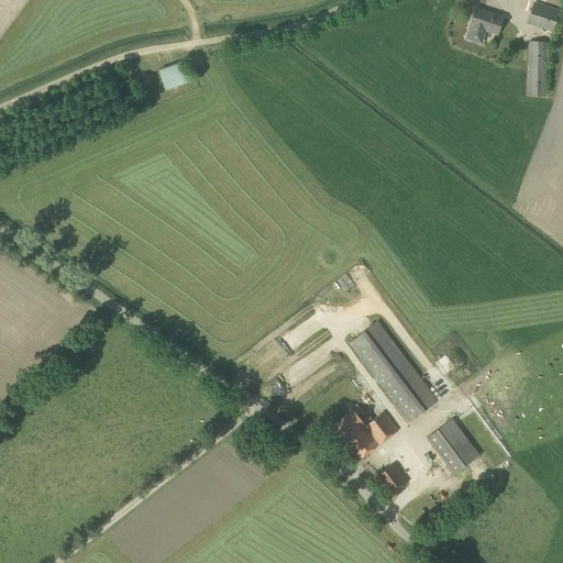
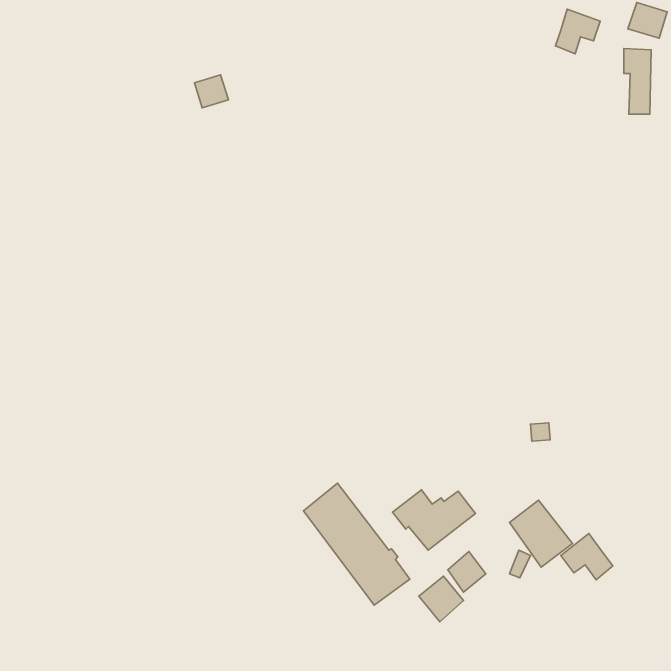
building: [349,320,438,422] -> [303,483,410,605]
building: none -> [561,533,613,580]
building: none -> [419,576,464,622]

